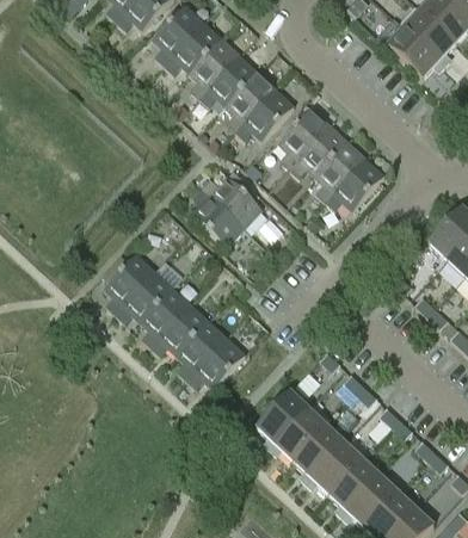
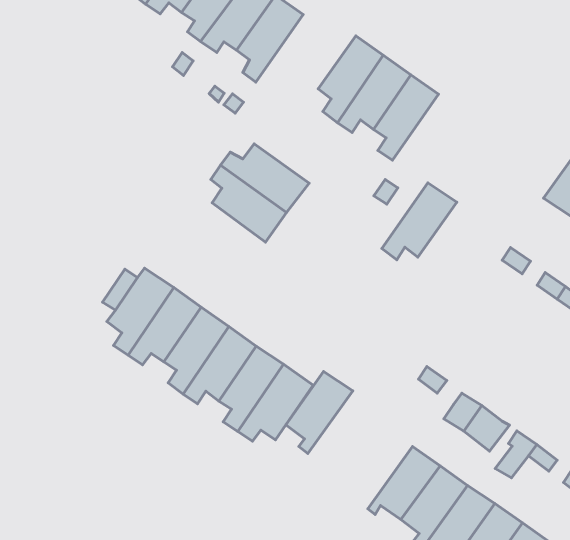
building: [229,87,292,147] -> none
building: [324,157,382,210] -> [382,183,457,260]
building: [259,391,310,449] -> [286,372,353,453]

